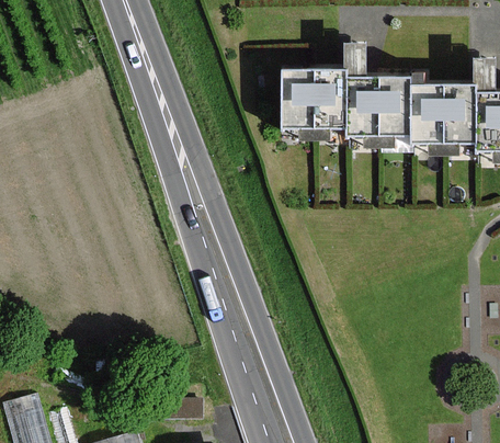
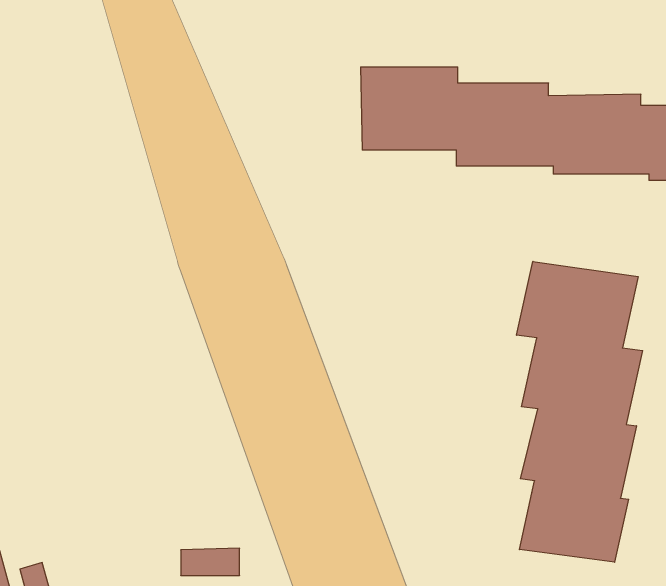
building: none -> [517,261,643,562]

